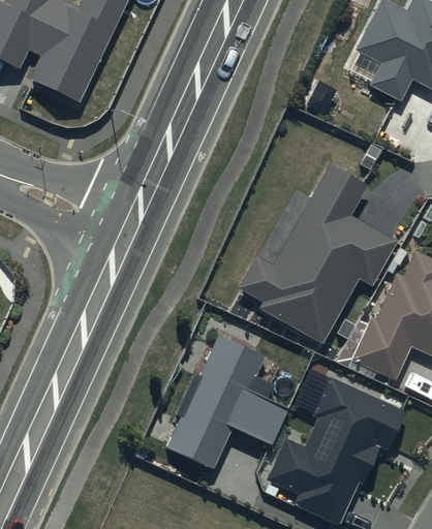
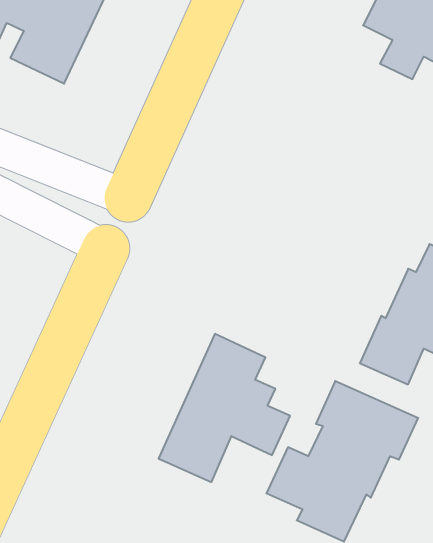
building: [237,163,396,343] -> none

